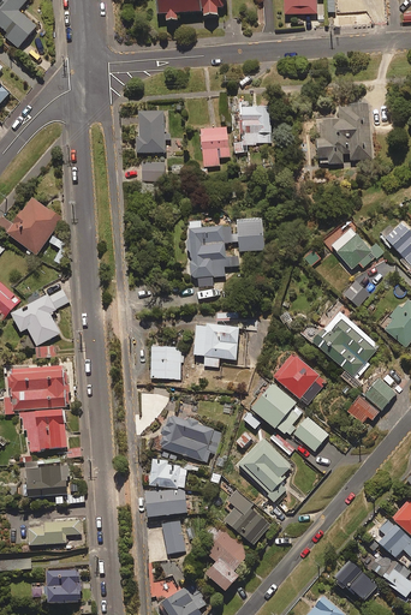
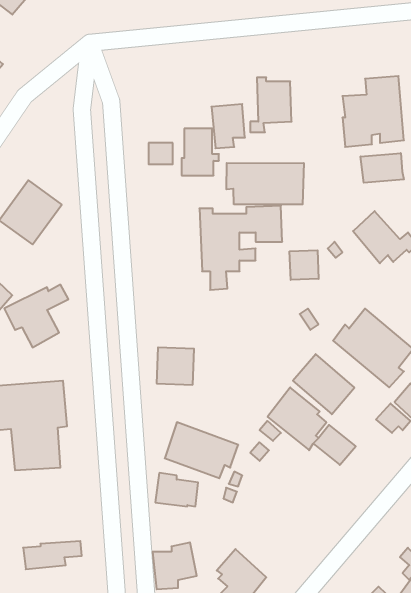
building: [135,111,168,153] -> [182,129,219,175]
building: none -> [361,153,404,183]
building: none -> [226,163,304,204]
building: none -> [290,250,319,280]
building: [192,323,238,368] -> none
building: [237,440,293,501] -> none
building: [26,458,71,496] -> none
building: [143,490,185,517] -> none
building: [216,491,269,545] -> none

